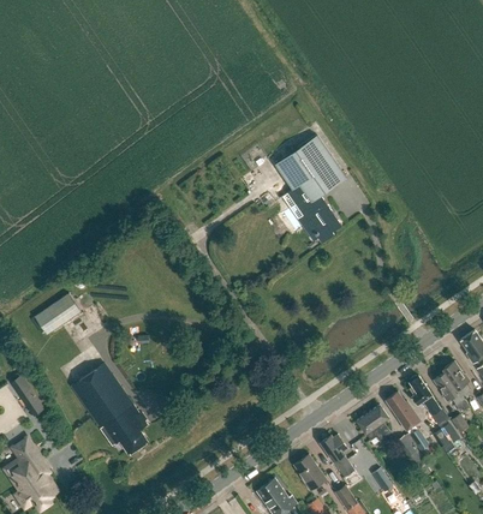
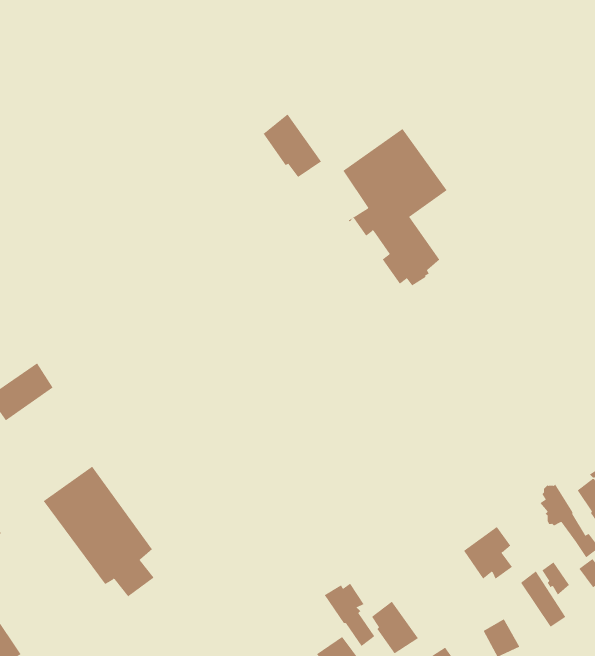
building: none -> [263,114,322,178]
building: [386,392,421,431] -> none
building: [320,435,354,478] -> [324,583,375,647]

